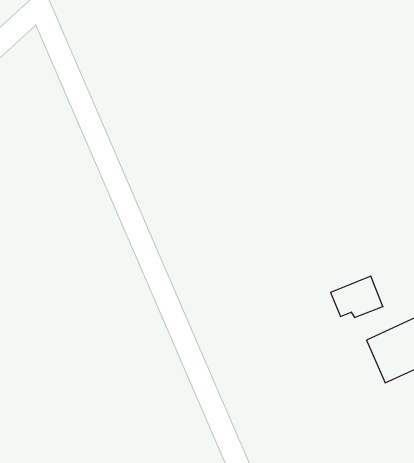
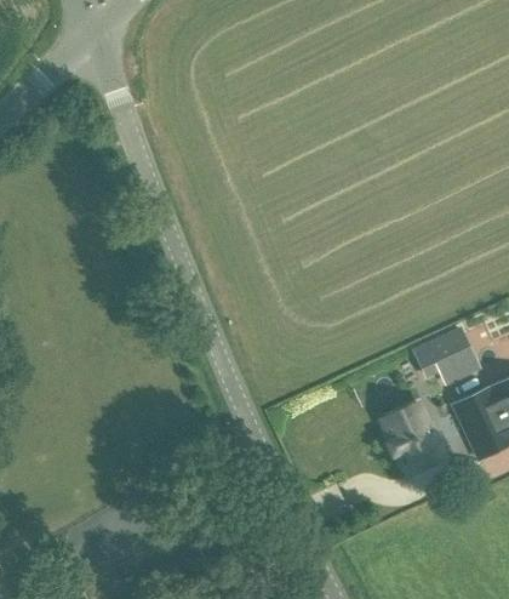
building: none -> [382,400,444,469]

